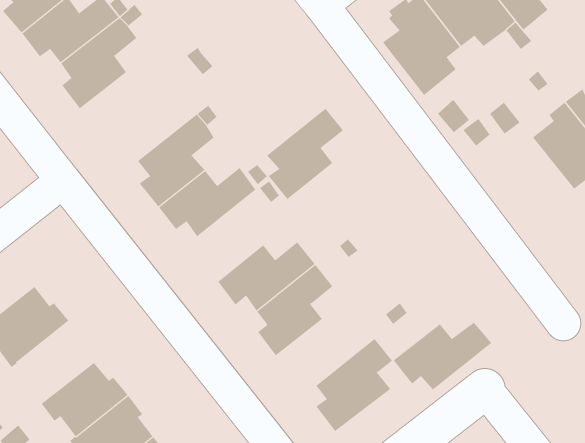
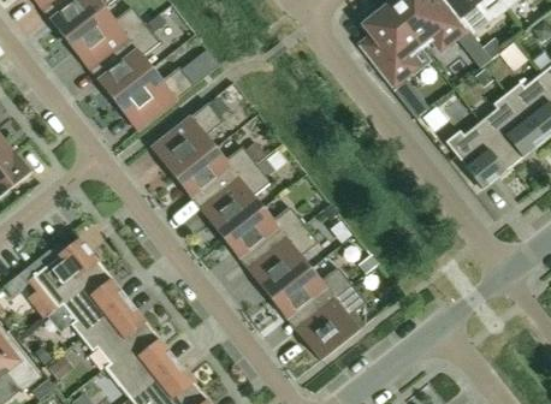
building: none -> [112,66,192,123]
building: [266,108,344,200] -> [207,164,269,238]
building: none -> [444,121,513,184]
building: none -> [61,269,124,337]
building: [393,322,492,390] -> [271,267,351,322]

